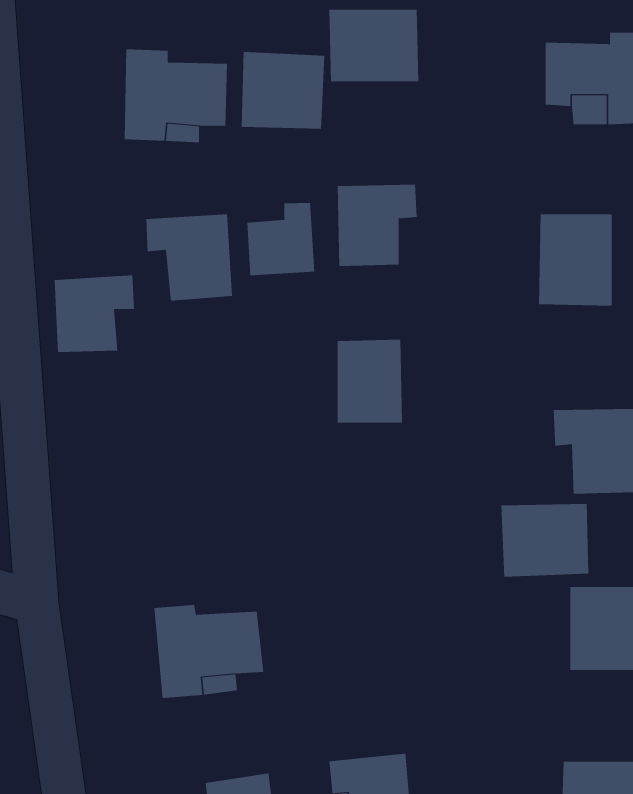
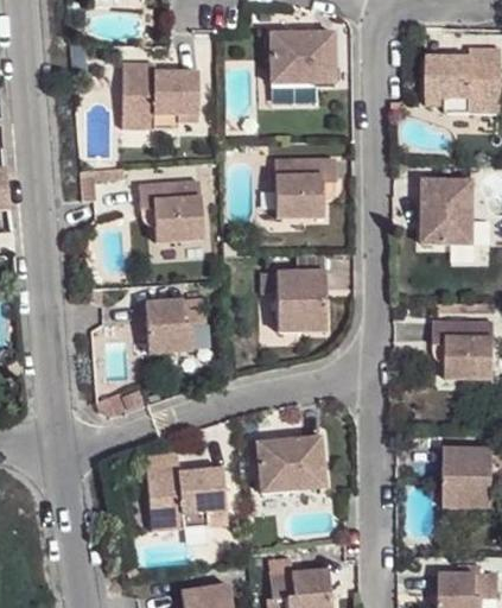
building: [241,51,325,130] -> none
building: [247,202,315,276] -> none
building: [54,275,135,352] -> [146,296,204,352]
building: [501,503,589,577] -> none
building: none -> [253,432,324,492]

